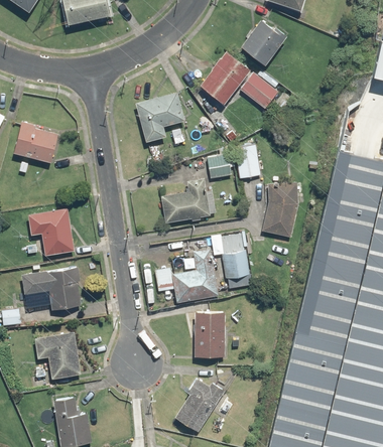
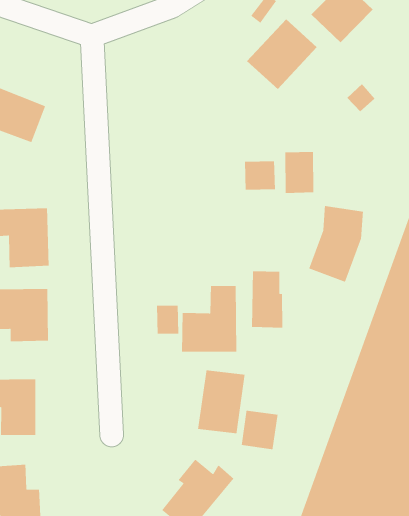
building: [241,70,278,109] -> none
building: [135,93,183,141] -> none
building: [160,180,211,222] -> none
building: none -> [241,410,279,450]

